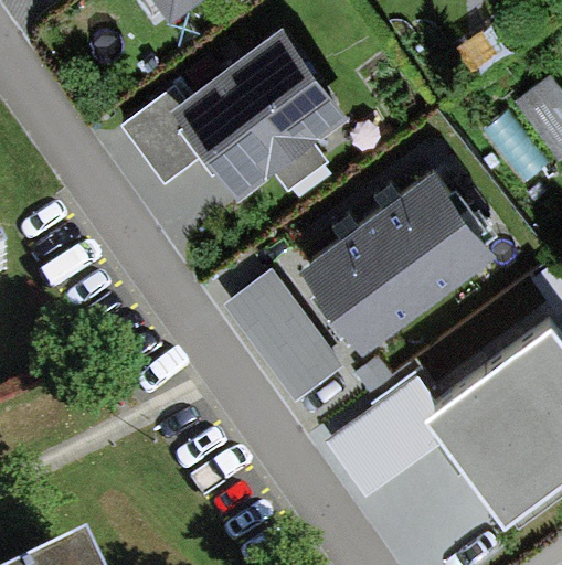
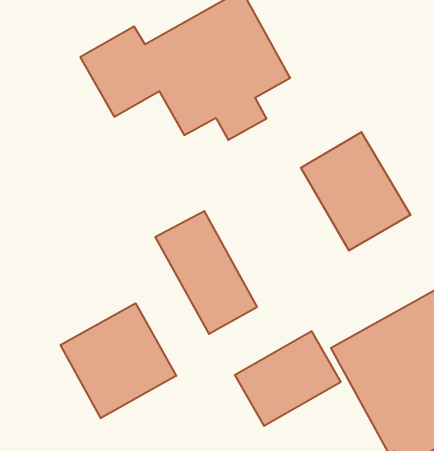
building: [306,214,436,348] -> none
building: none -> [61,303,176,418]

